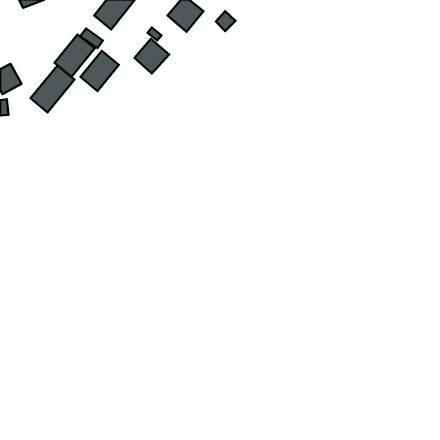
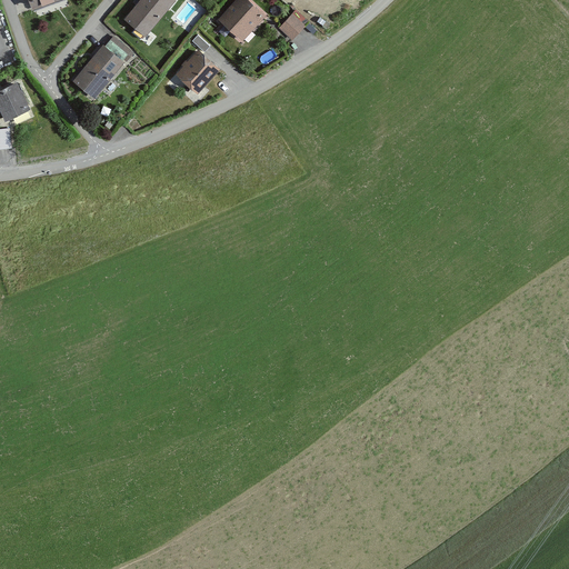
building: [81,51,119,91] -> none
building: [31,65,74,112] -> none

